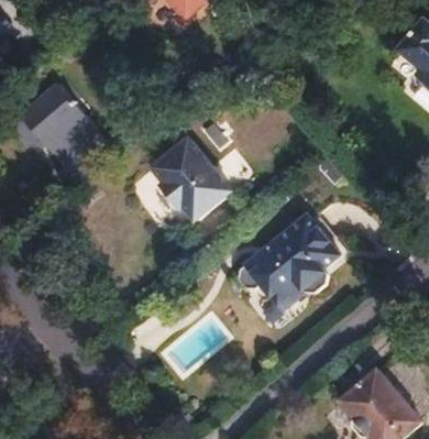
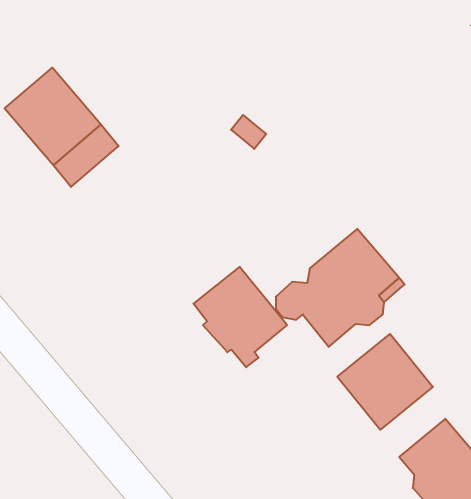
building: [149,138,224,219] -> [193,267,287,367]
building: none -> [337,334,433,430]

